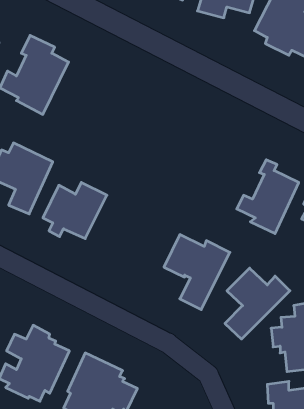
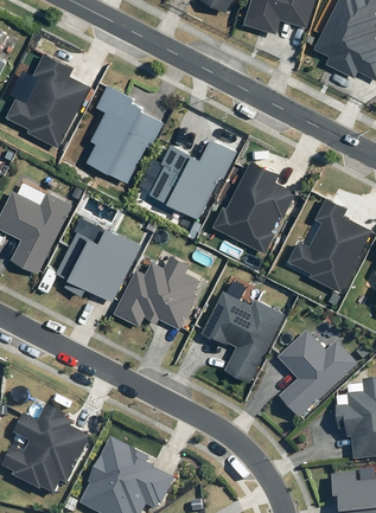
building: none -> [93,84,162,180]
building: none -> [146,139,236,219]
building: none -> [211,161,292,254]
building: none -> [114,250,196,327]

